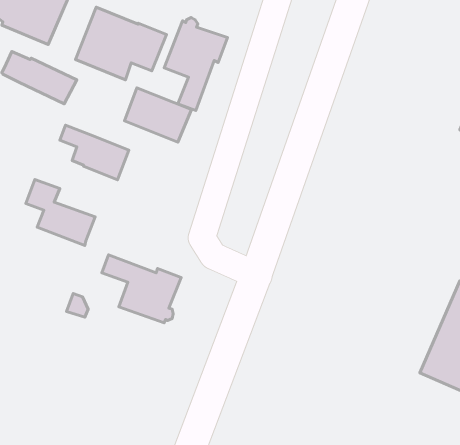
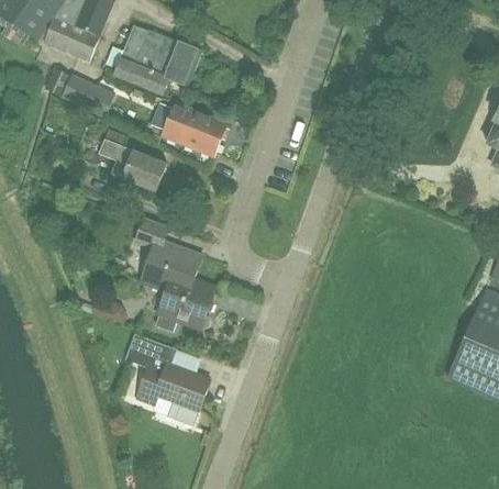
building: [164,18,227,111] -> none
building: [26,180,95,245] -> [135,218,202,281]
building: none -> [123,333,209,425]

